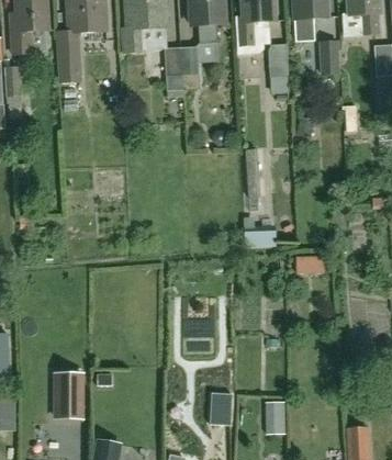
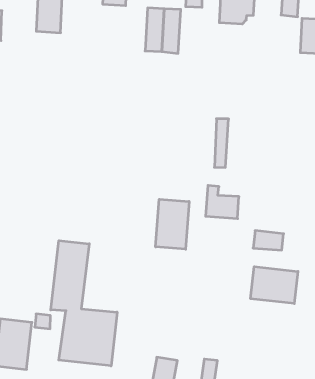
building: [268,44,289,93] -> none
building: none -> [156,199,189,249]
building: none -> [51,241,117,366]
building: none -> [251,267,298,304]

